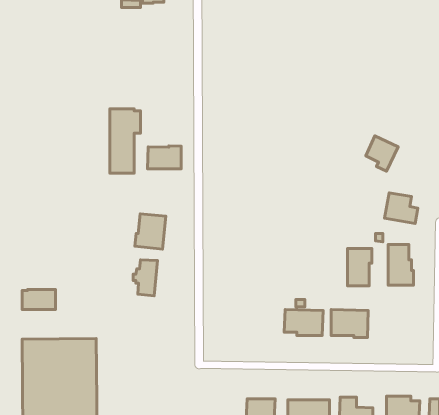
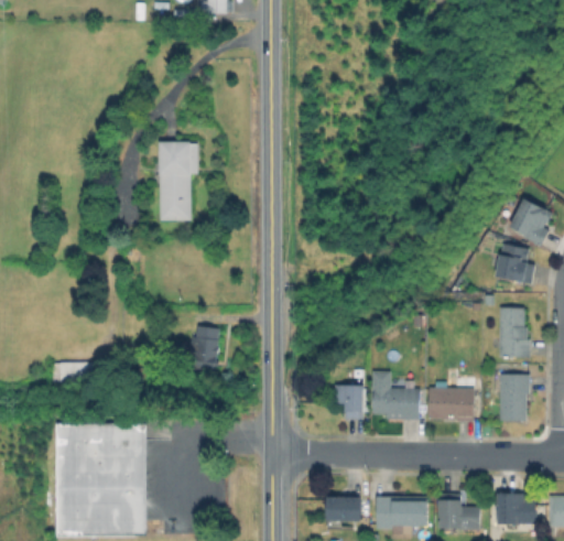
building: [366,136,398,171] -> [513,202,553,245]
building: [148,146,181,169] -> none
building: [135,214,166,249] -> none
building: [348,249,372,286] -> [500,375,530,420]
building: none -> [336,389,365,419]

